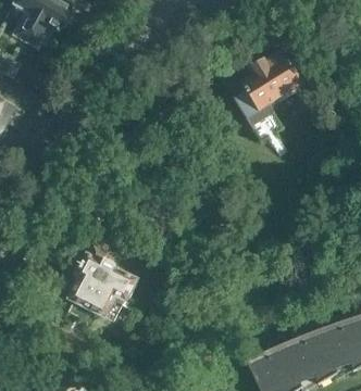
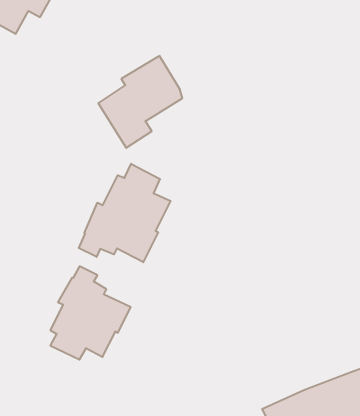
building: [227,47,299,125] -> [98,56,182,148]
building: none -> [79,164,171,262]

